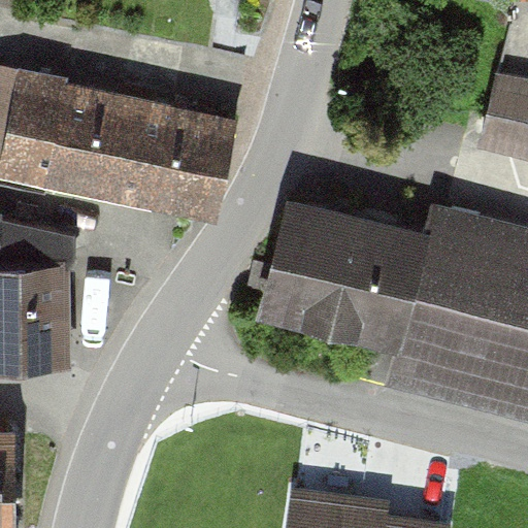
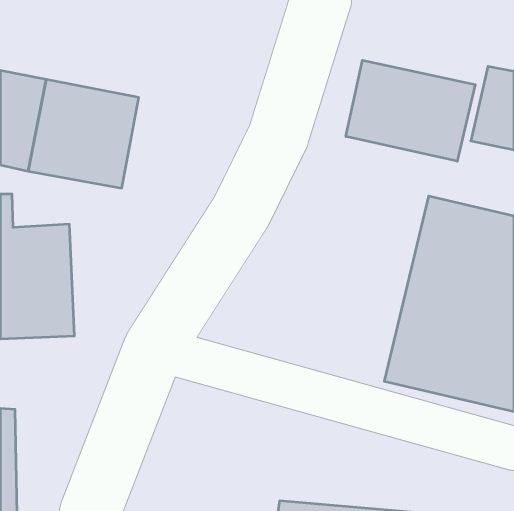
building: none -> [346,60,475,161]
building: [125,103,237,214] -> none
building: [257,200,430,341] -> none

